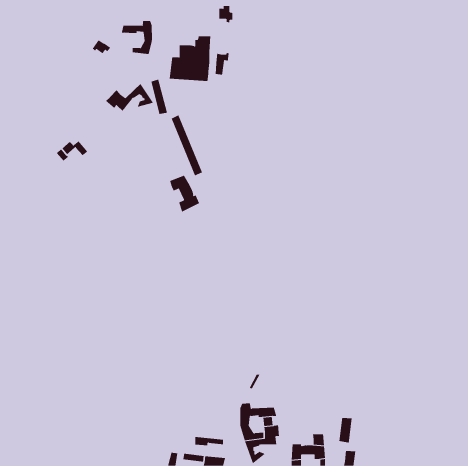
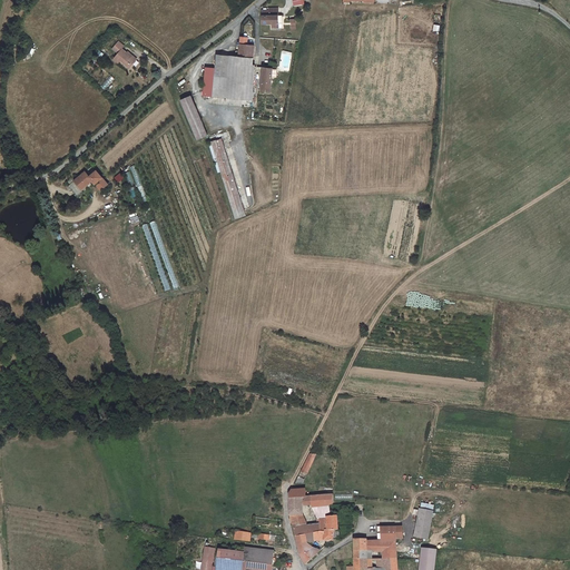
building: [121,20,152,55] -> none
building: [105,83,154,111] -> none
building: [170,175,200,212] -> none

